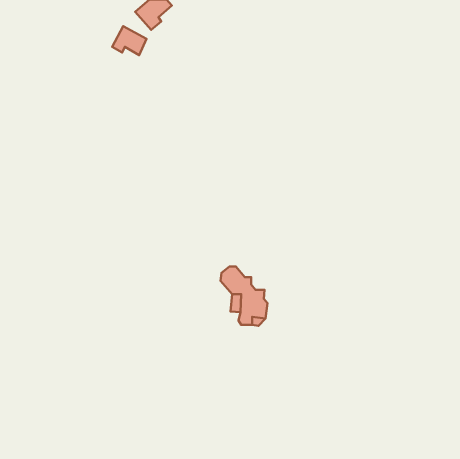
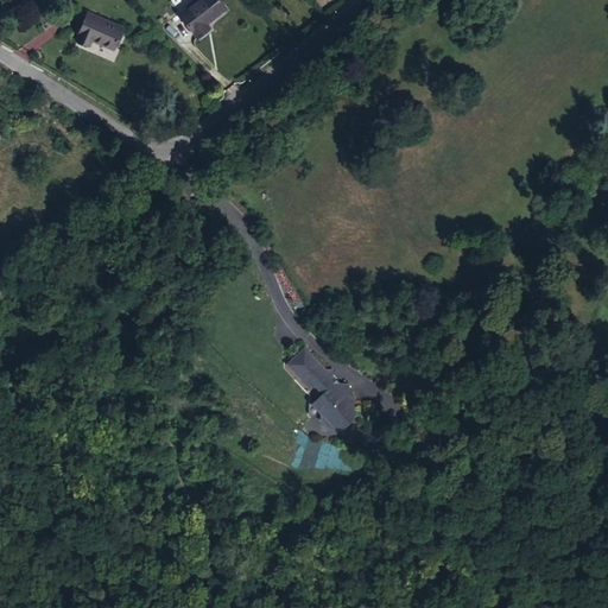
building: [112,26,147,55] -> [78,14,124,52]

